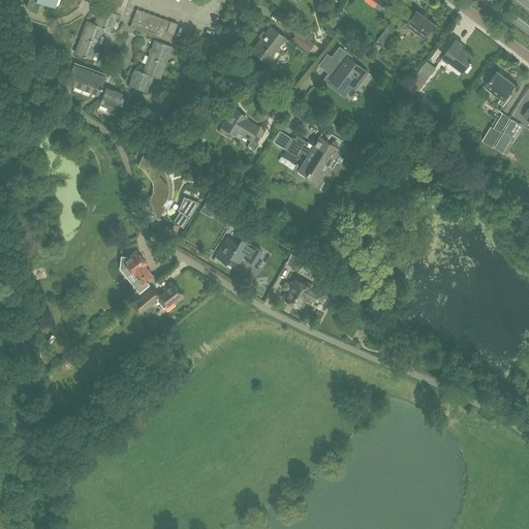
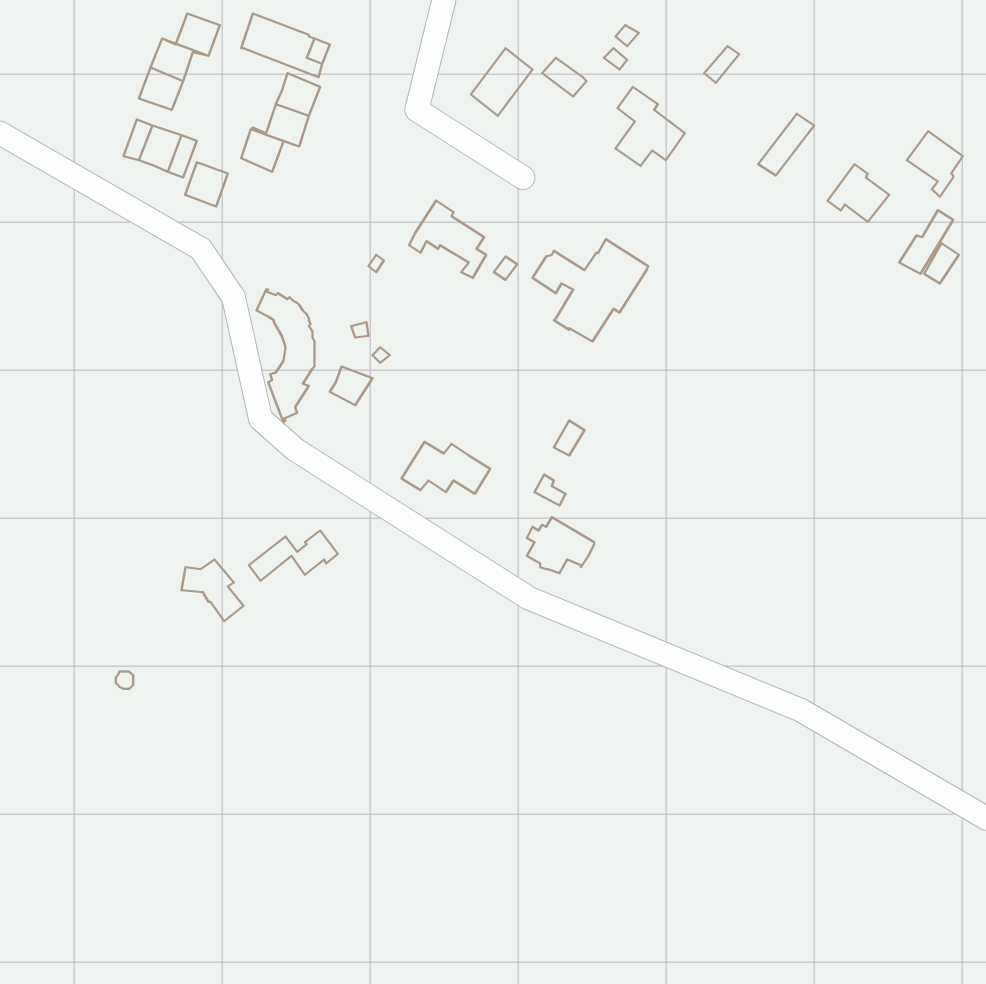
building: [402,10,436,38] -> none
building: [441,40,474,71] -> [827,164,889,222]
building: [119,252,152,285] -> [182,559,243,621]

